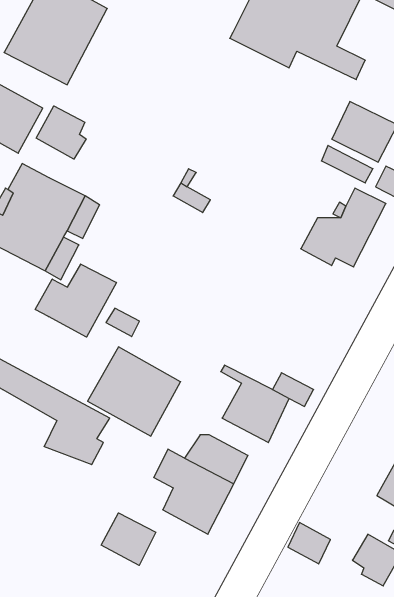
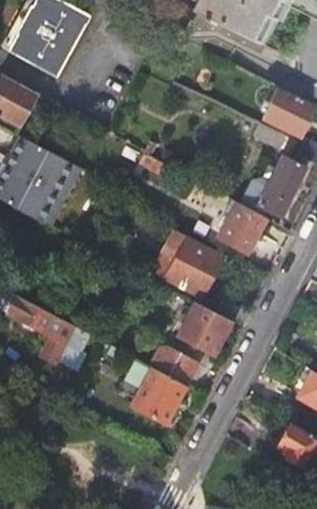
building: [36,106,86,159] -> none
building: none -> [216,201,267,254]
building: [35,264,116,337] -> none
building: [88,347,181,436] -> [152,228,224,298]
building: [101,513,156,565] -> none

